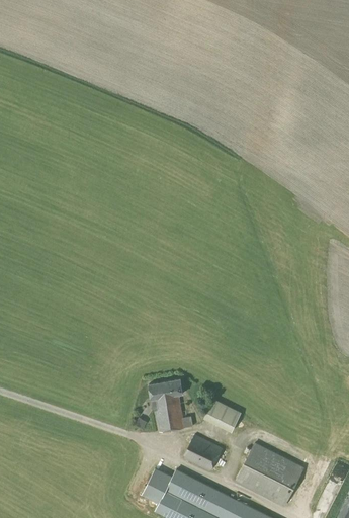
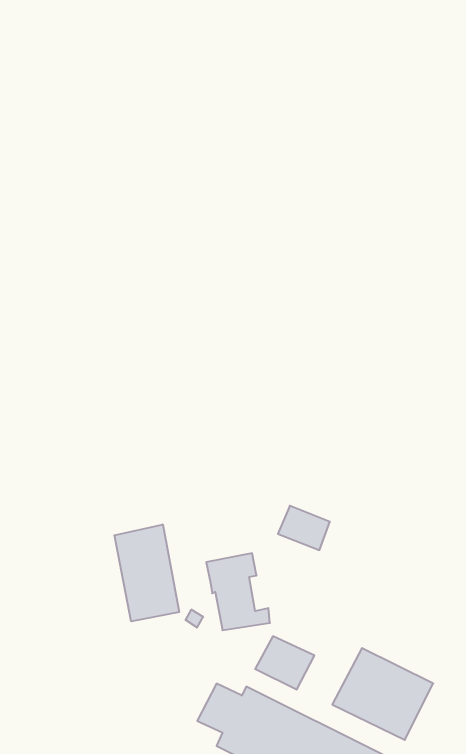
building: none -> [114,524,179,621]
building: [208,400,244,430] -> [278,506,330,550]

